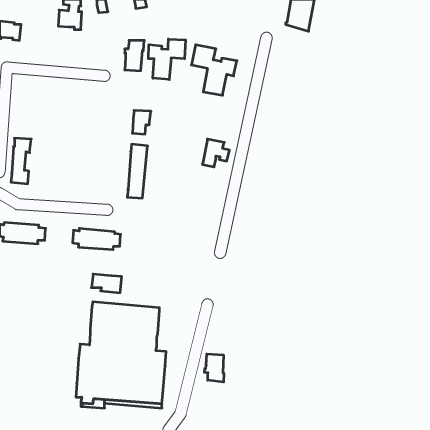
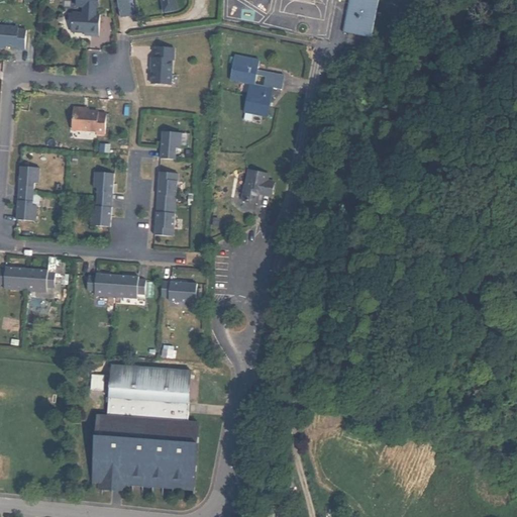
building: [148,39,186,80] -> none
building: none -> [70,107,104,133]
building: none -> [87,172,112,226]
building: [91,274,122,293] -> [160,282,196,304]
building: [204,354,224,382] -> none

